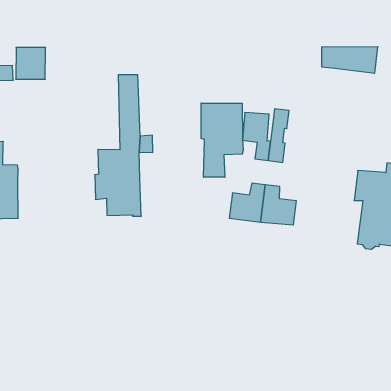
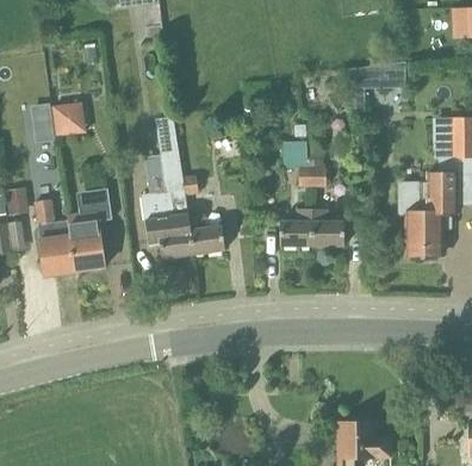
building: [201,103,243,177] -> none
building: none -> [69,205,105,271]
building: none -> [188,216,224,254]

